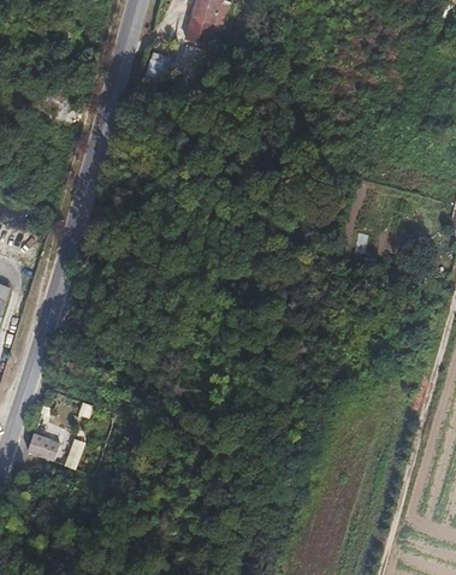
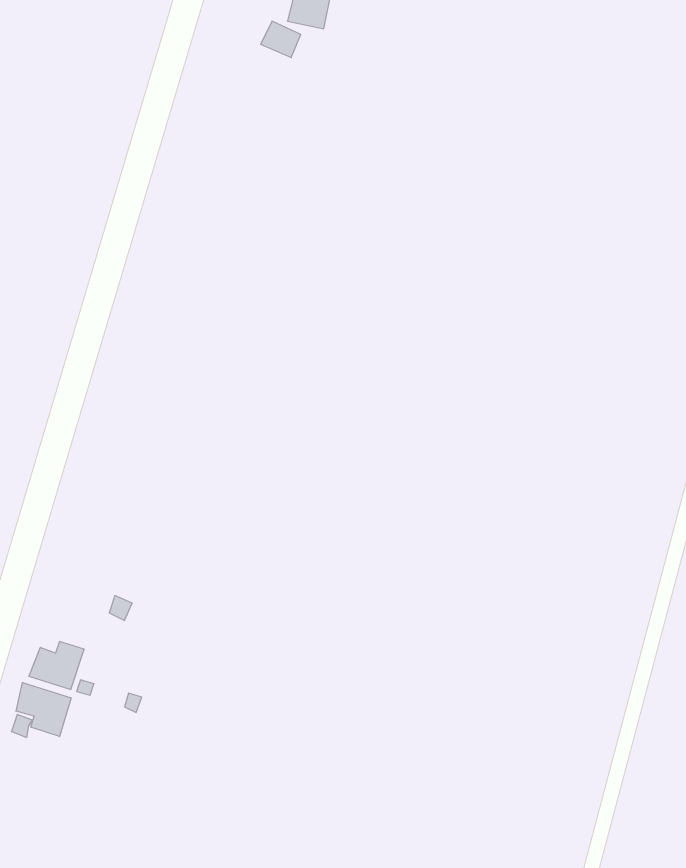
building: none -> [16,682,71,737]

